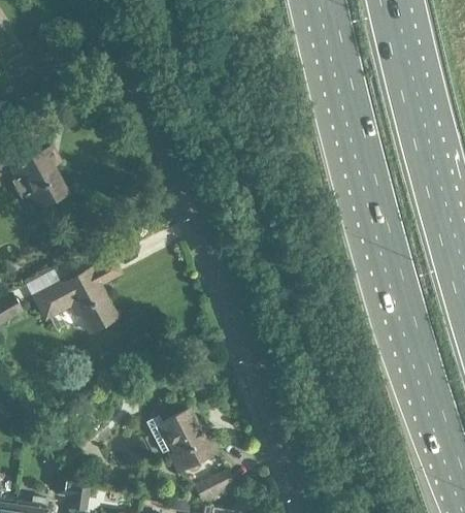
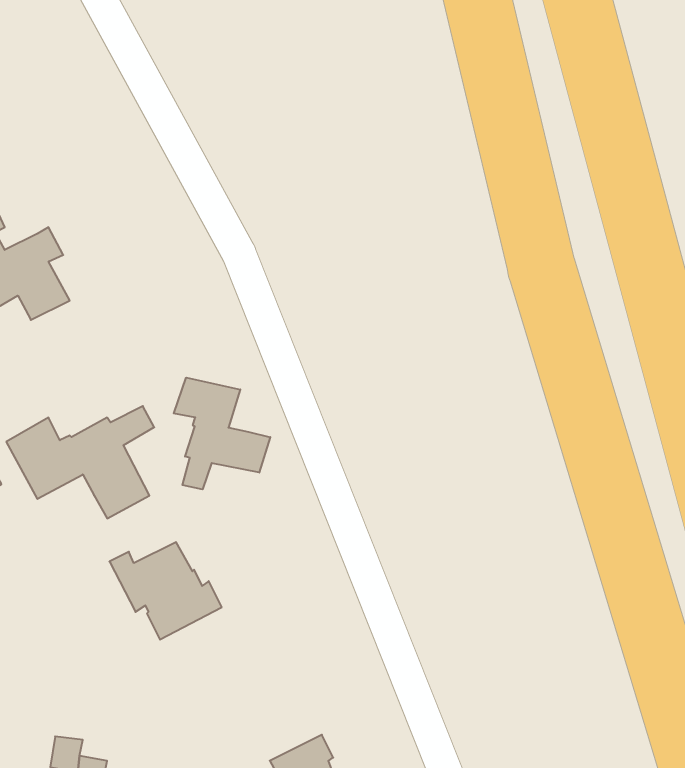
building: none -> [174,378,270,489]
building: [145,410,217,472] -> [109,542,222,640]

